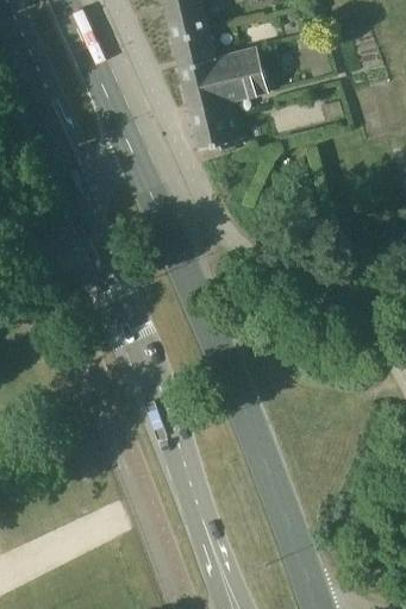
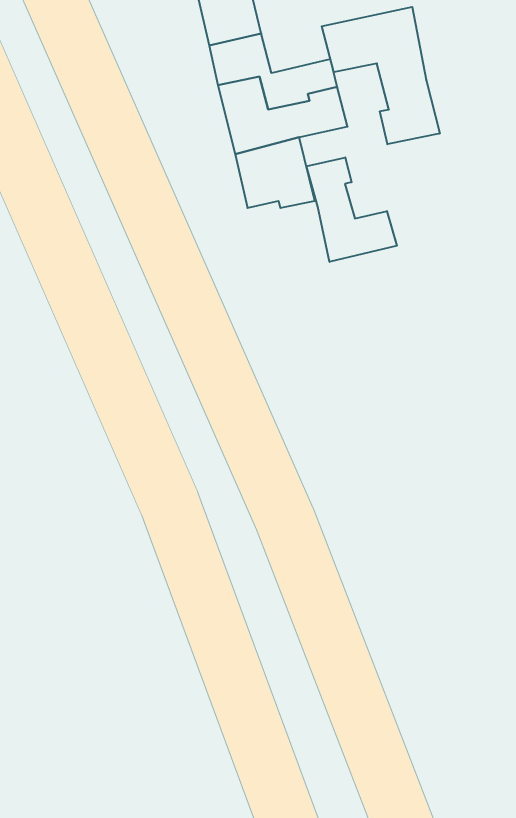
building: none -> [322,7,440,144]
building: none -> [306,157,397,262]

